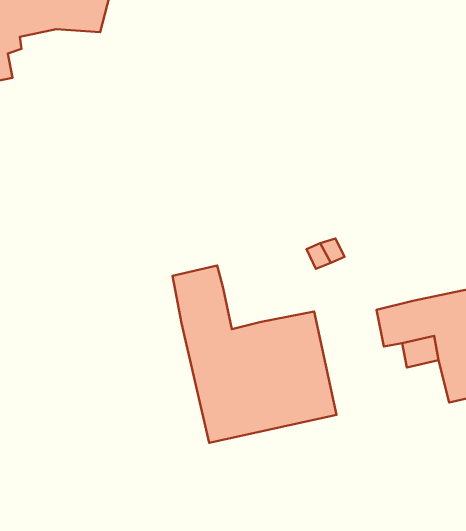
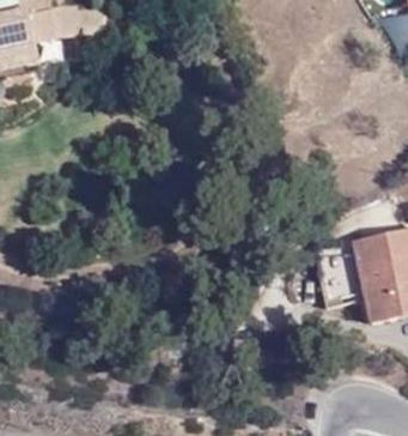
building: [172,265,336,443] -> none

